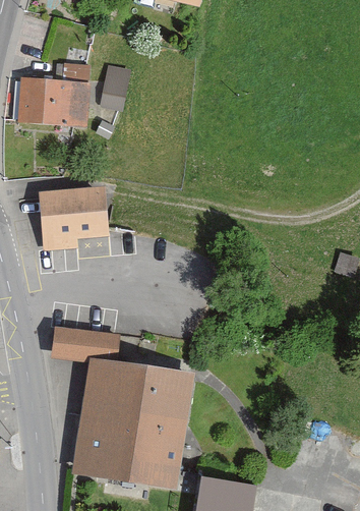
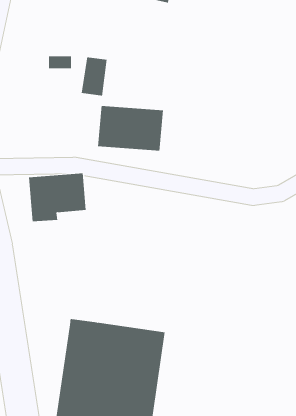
building: [15,76,89,127] -> [97,106,164,151]
building: [51,327,122,363] -> none

